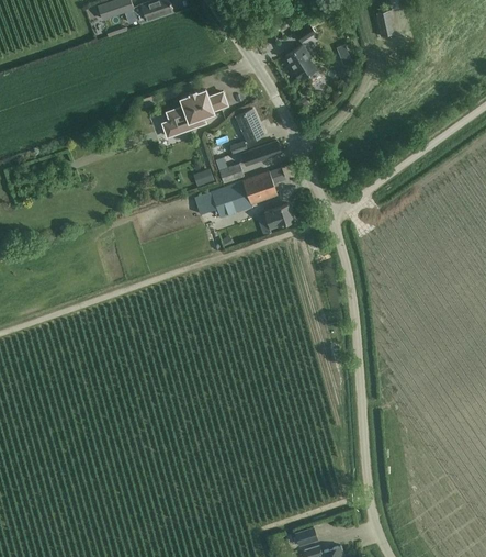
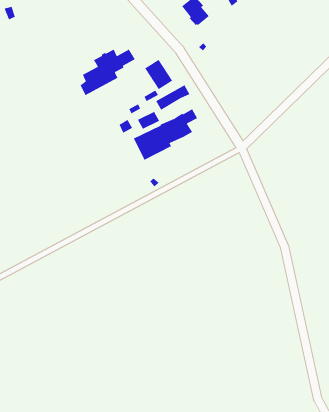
building: [263,204,293,230] -> none

